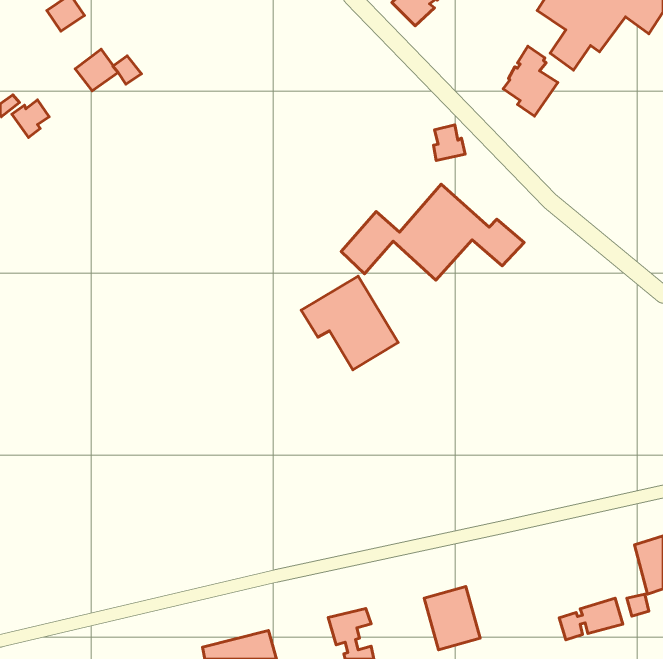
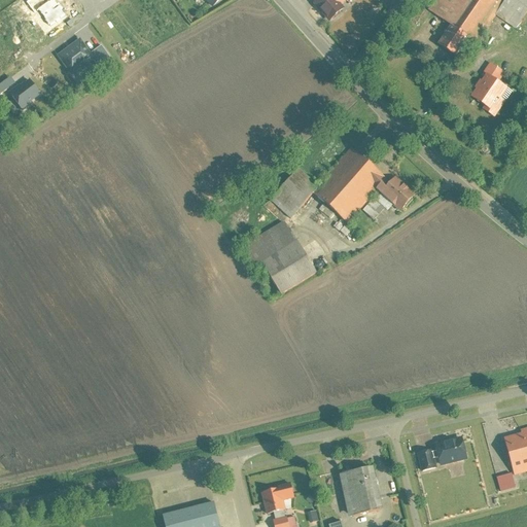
building: [503,46,558,116] -> [469,61,513,116]
building: [434,125,465,160] -> none
building: [559,598,623,640] -> [417,435,467,468]

